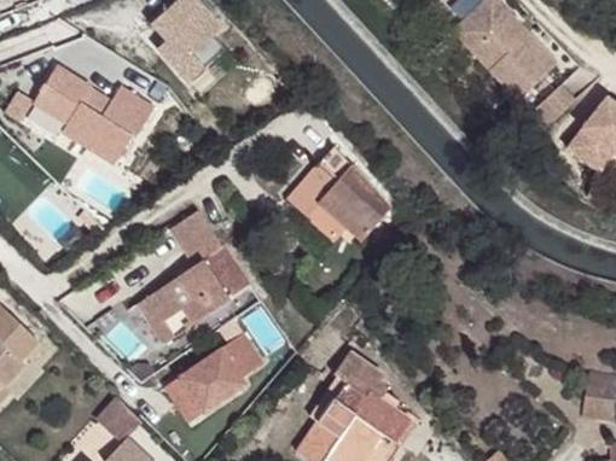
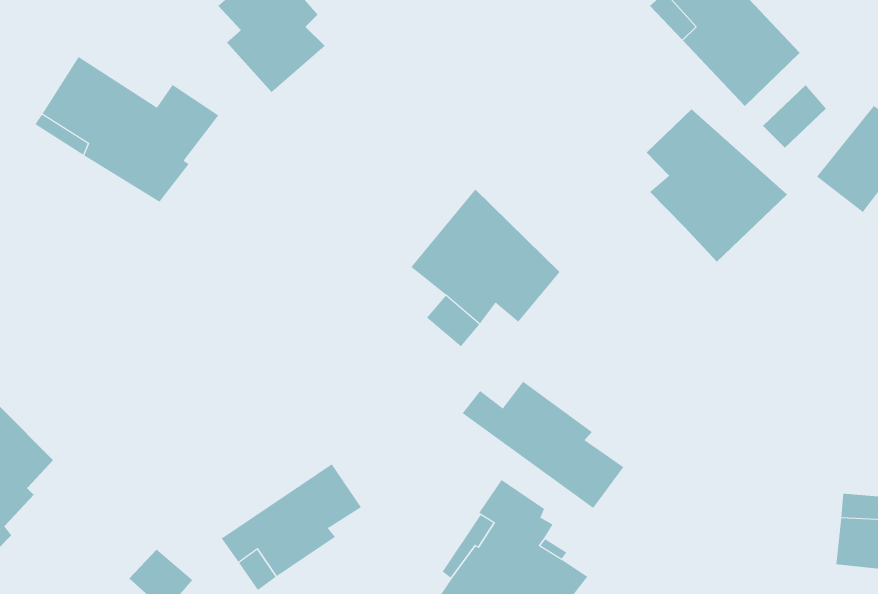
building: none -> [646,108,788,262]
building: [134,209,248,346] -> none
building: none -> [462,381,624,509]

